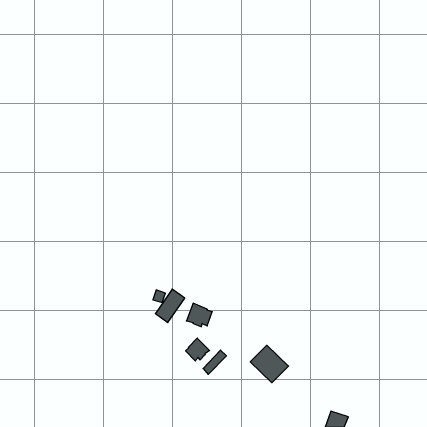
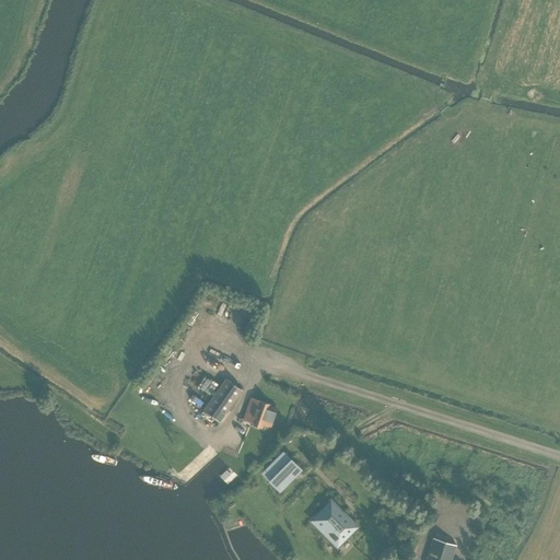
building: [186,338,210,361] -> none
building: [250,345,289,383] -> [306,500,357,549]

